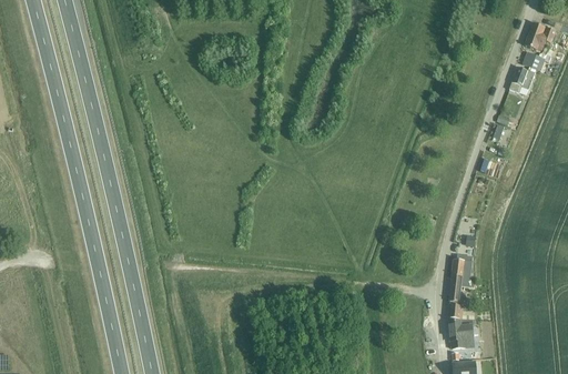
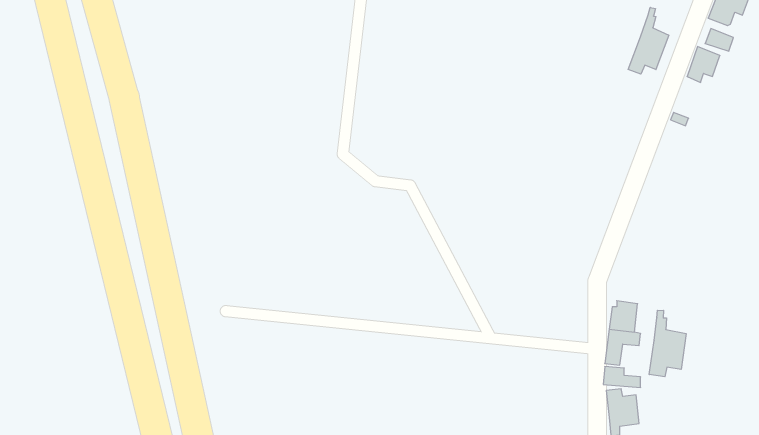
building: none -> [628,7,669,74]
building: none -> [649,310,686,377]

